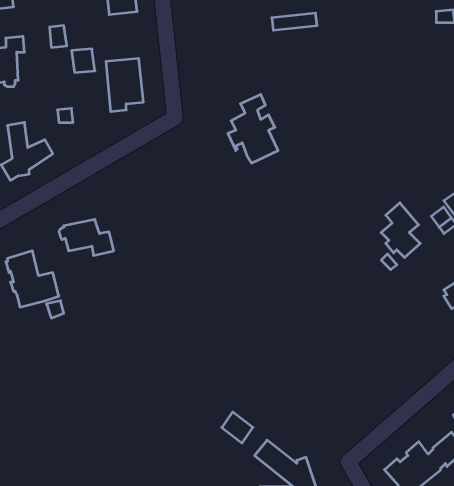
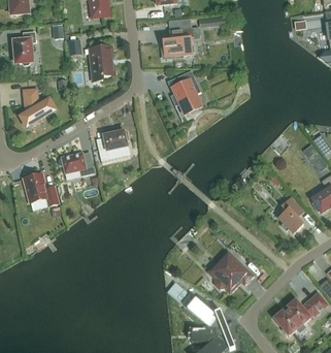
building: none -> [162,28,200,57]
building: none -> [99,129,129,160]
building: [381,203,420,258] -> [278,197,304,233]
building: none -> [212,255,254,288]

